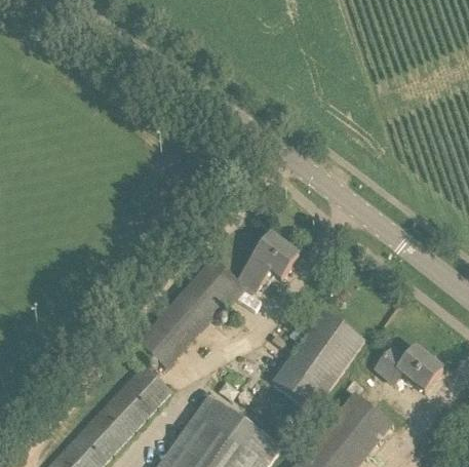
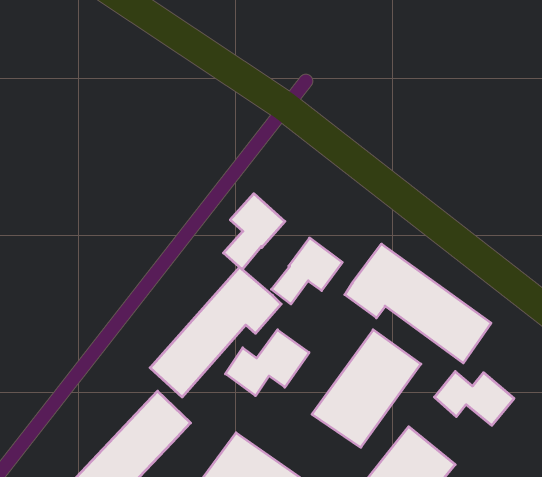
building: none -> [223,194,285,269]
building: none -> [345,244,491,363]
building: none -> [225,330,309,396]

